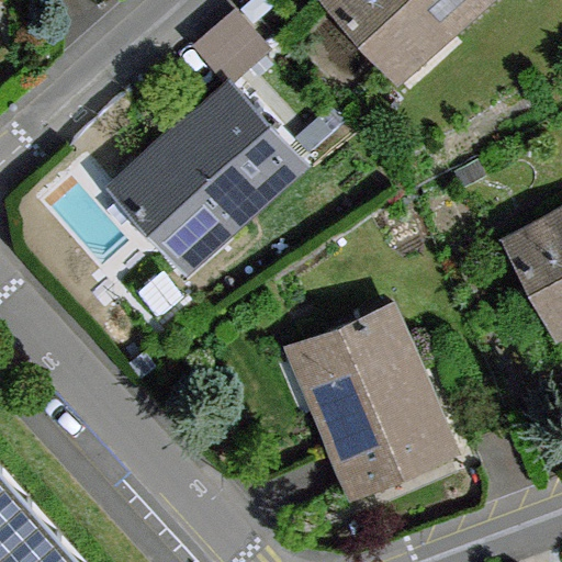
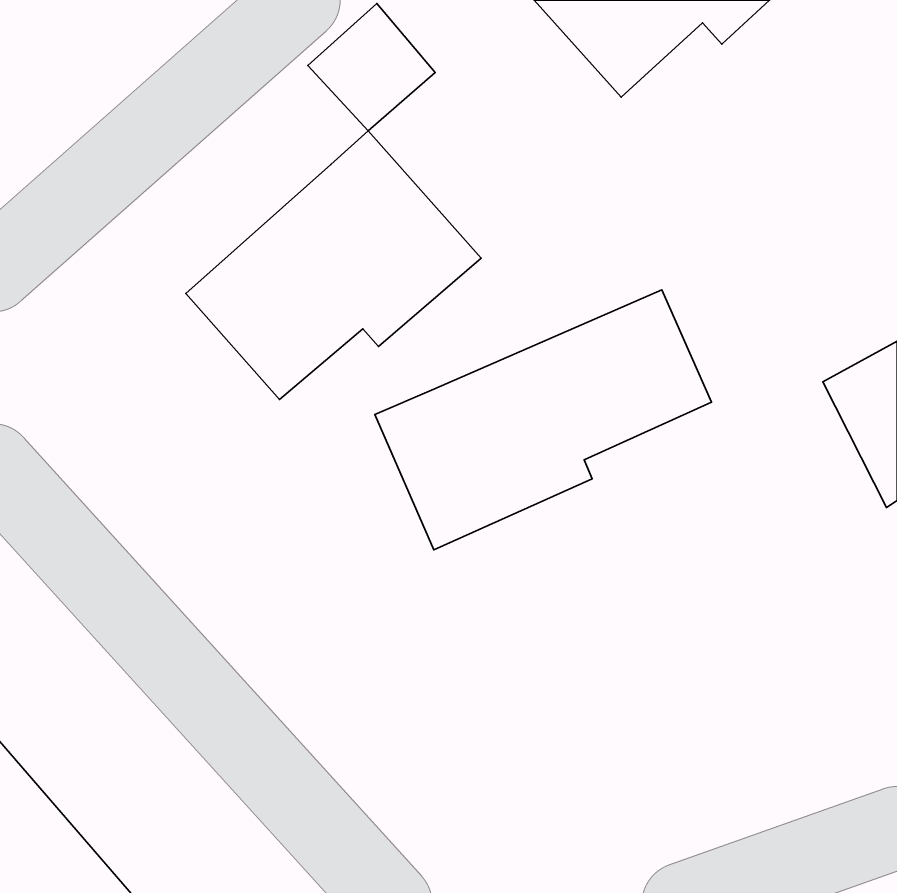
building: none -> [375,290,711,550]
building: [308,312,449,492] -> none

